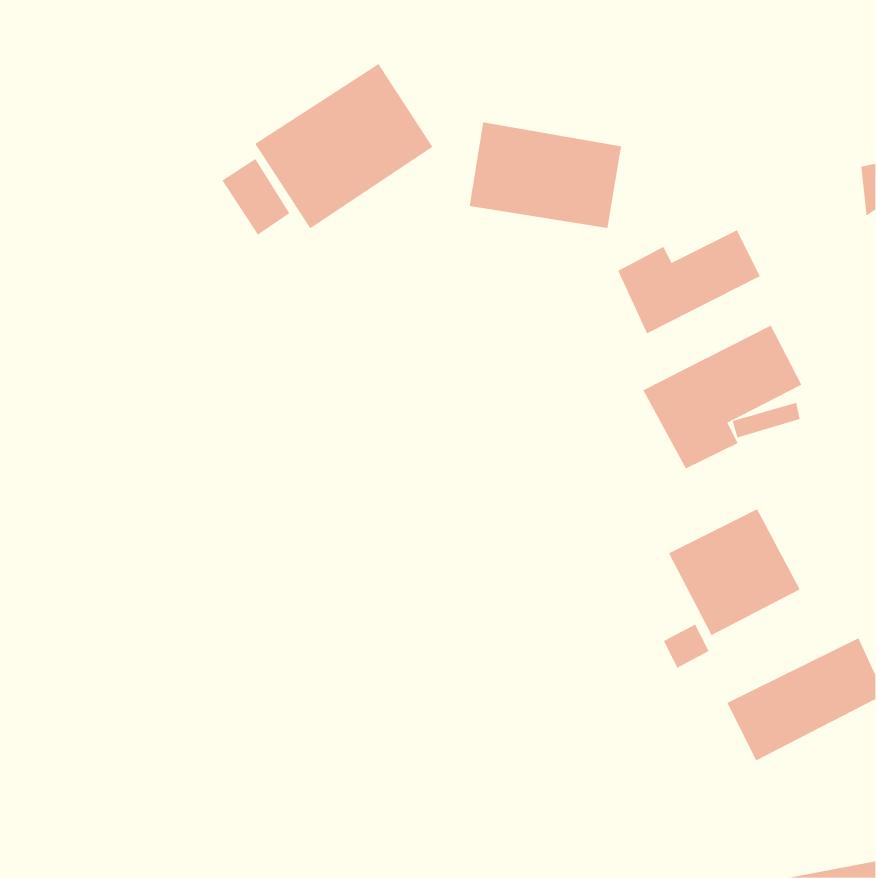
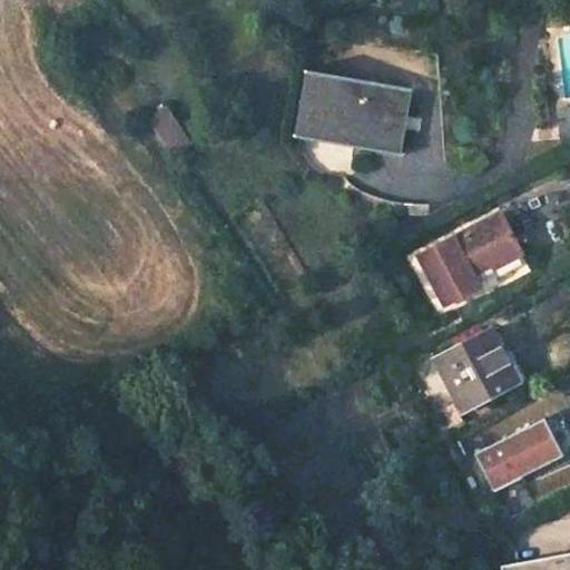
building: [254,63,433,229] -> none
building: [617,229,761,334] -> none

